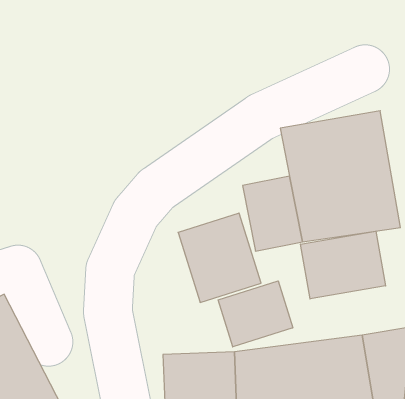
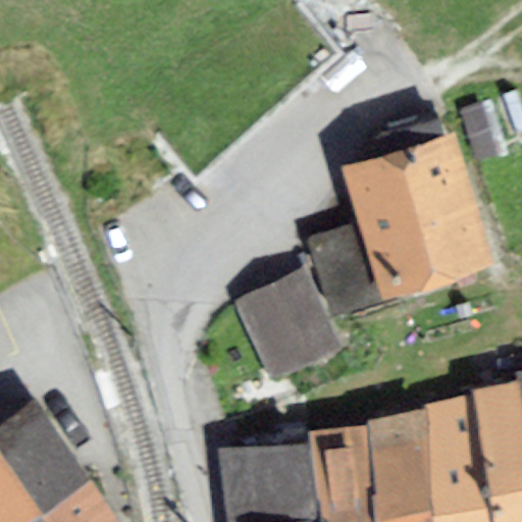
building: [301,231,386,299] -> none
building: [218,281,293,347] -> none

